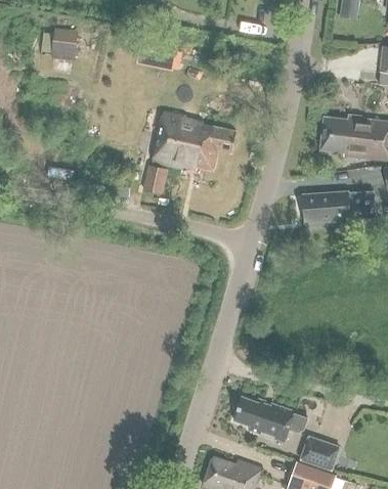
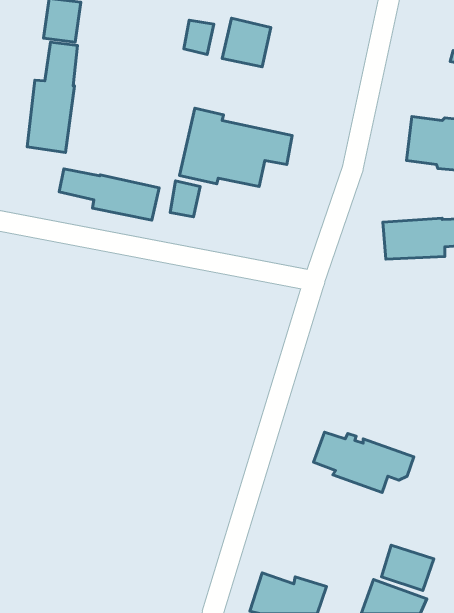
building: none -> [222,18,271,67]
building: none -> [27,42,78,152]
building: none -> [59,169,159,220]
building: [233,398,308,443] -> [314,432,414,493]

